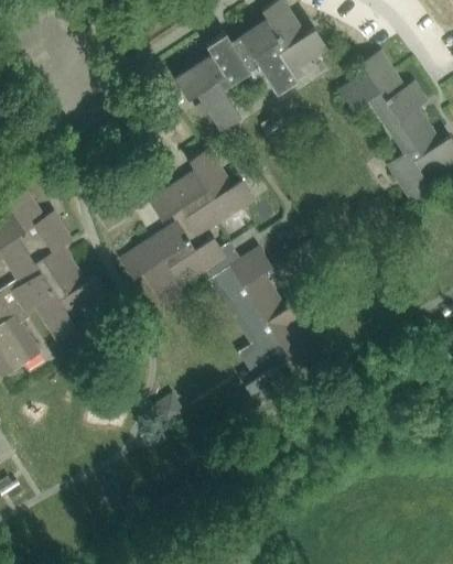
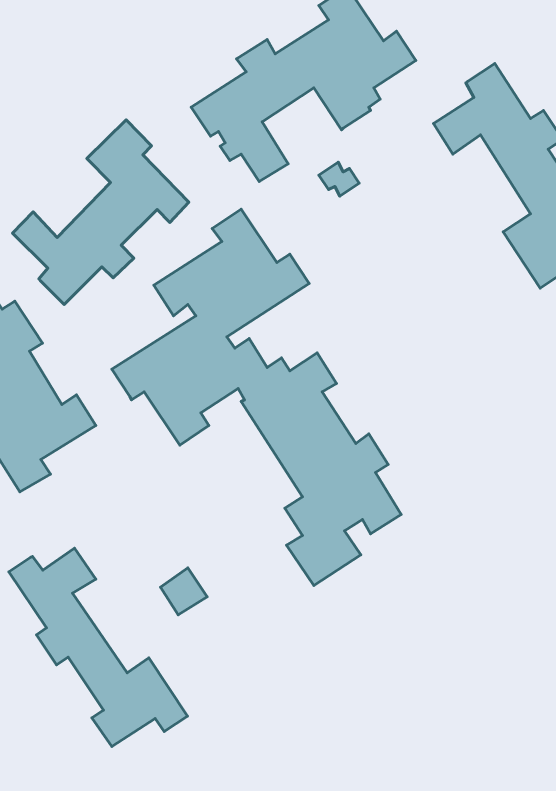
building: none -> [13,120,189,305]
building: none -> [9,548,188,747]

